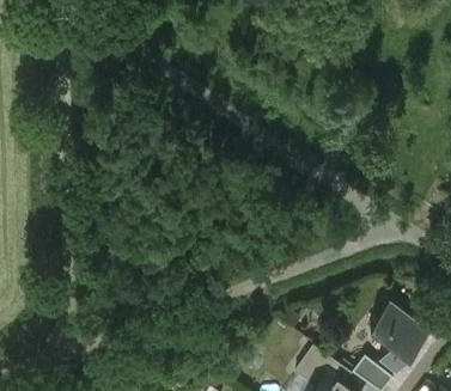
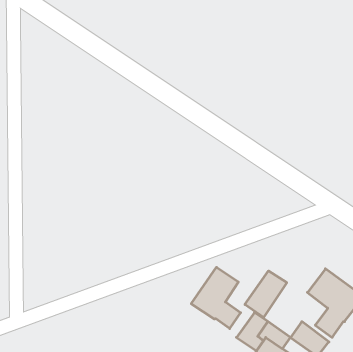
building: none -> [191,267,241,329]
building: none -> [245,271,287,318]

